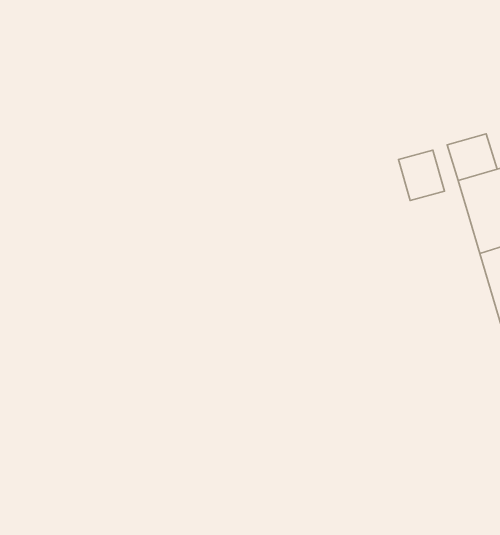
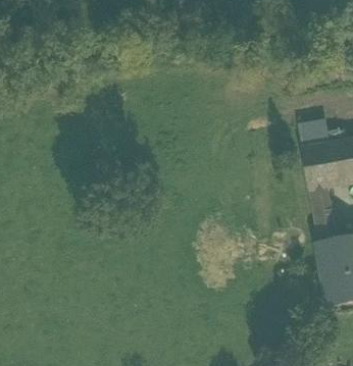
building: [398,150,445,200] -> none

